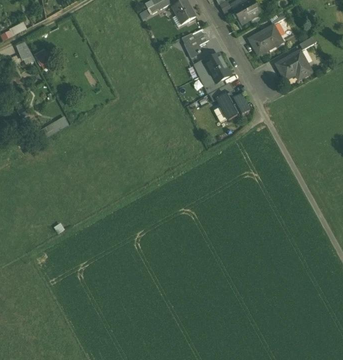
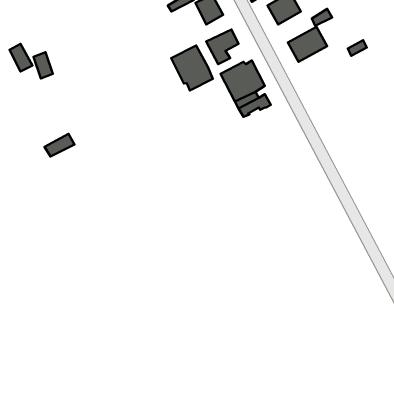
building: none -> [171,45,213,90]
building: [275,50,310,79] -> none
building: [215,92,248,119] -> none

